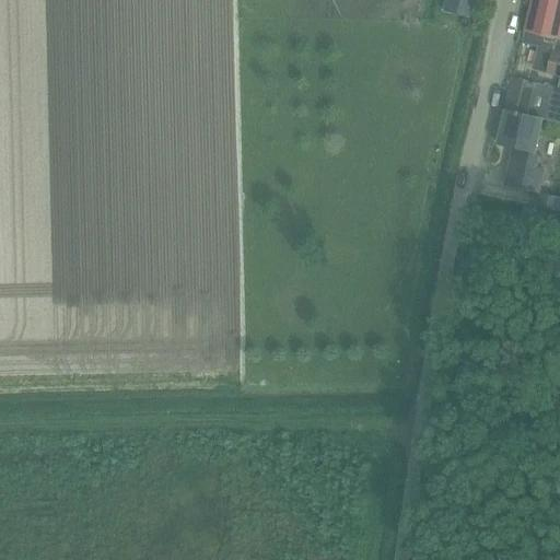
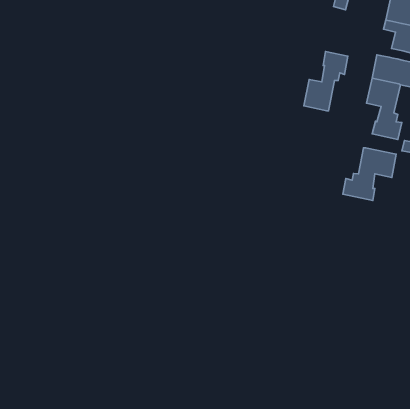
building: none -> [304,52,348,111]
building: none -> [343,148,396,200]

